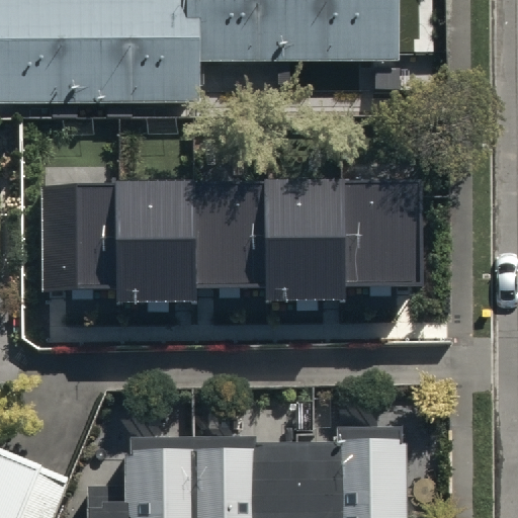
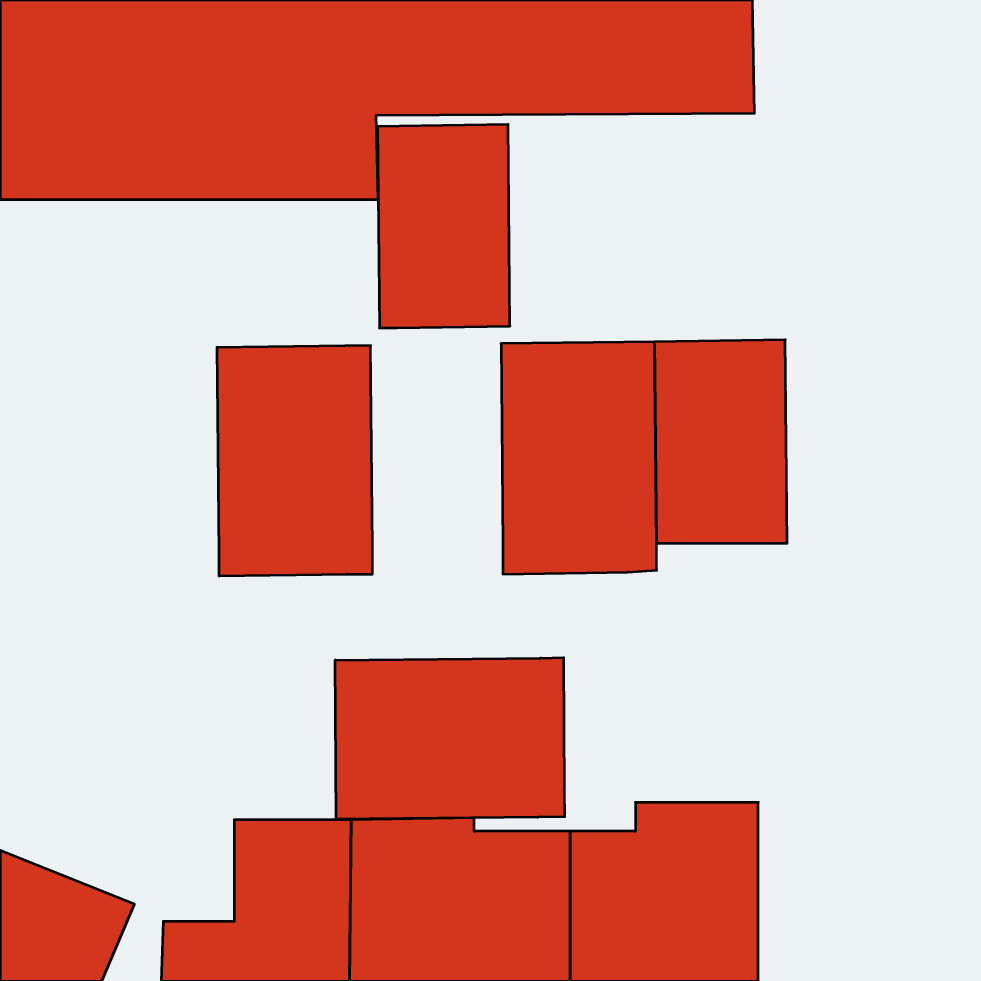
building: [195,181,265,288] -> [377,124,510,328]
building: [47,183,115,292] -> none
building: none -> [335,658,565,819]

